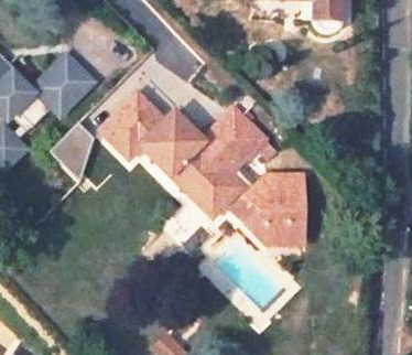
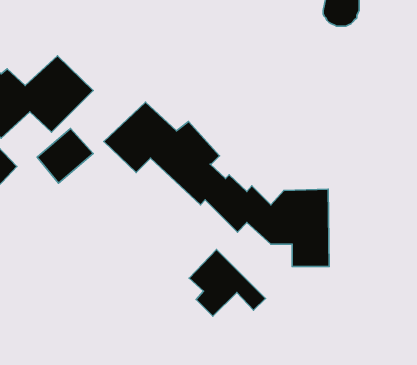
building: [219,111,290,173] -> [189,250,265,316]

